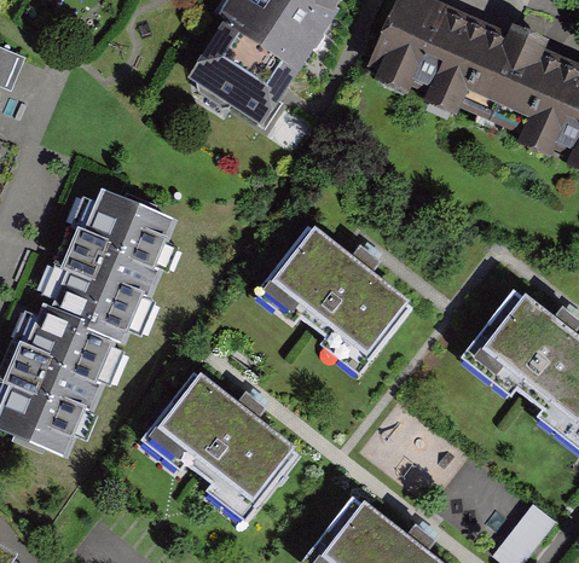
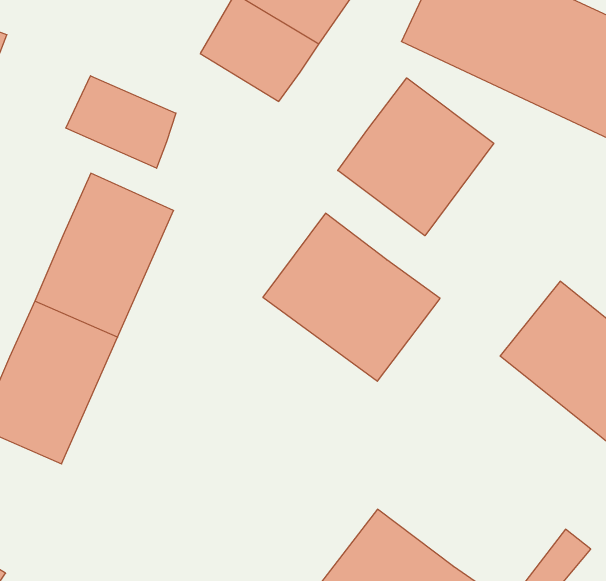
building: none -> [66,76,176,168]
building: none -> [338,78,494,236]
building: [143,372,297,520] -> none

